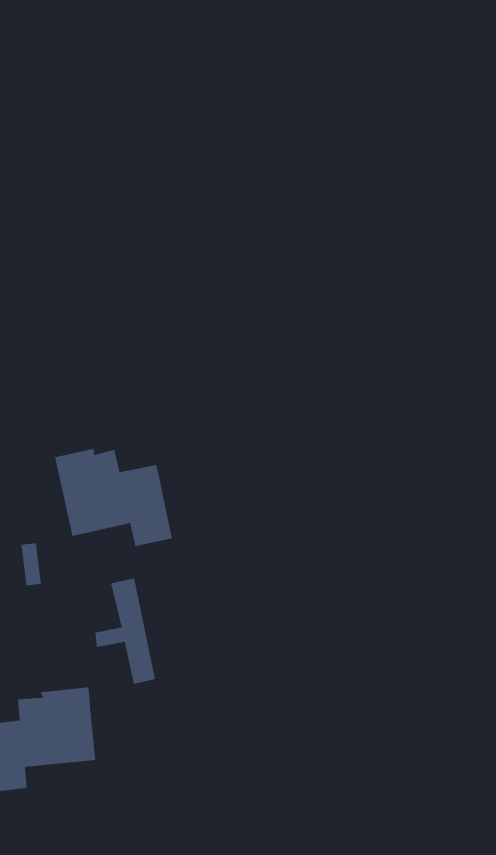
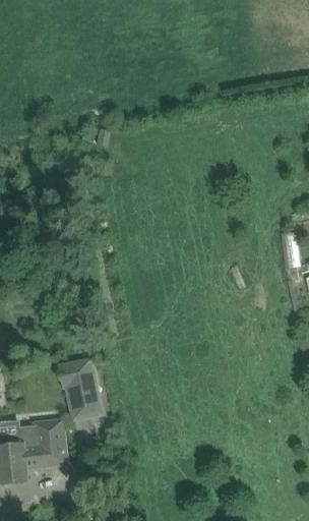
building: [54,448,173,547] -> none

